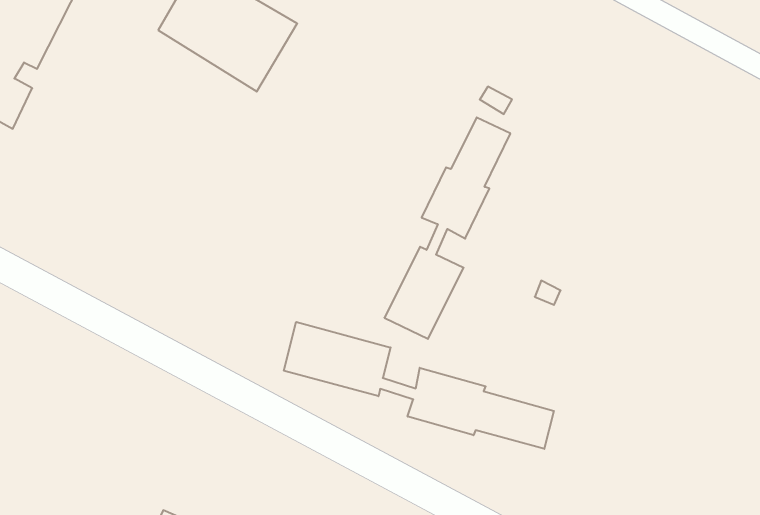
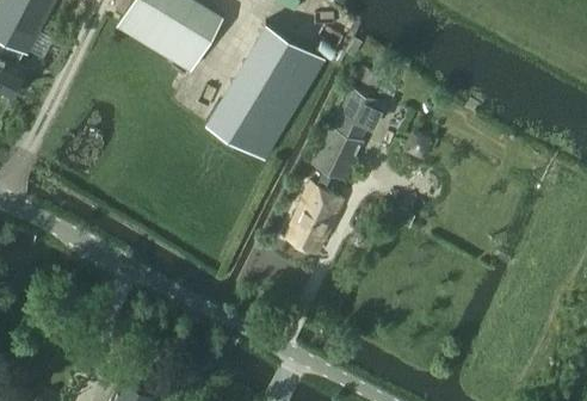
building: none -> [215,37,320,162]
building: [284,322,554,449] -> none

